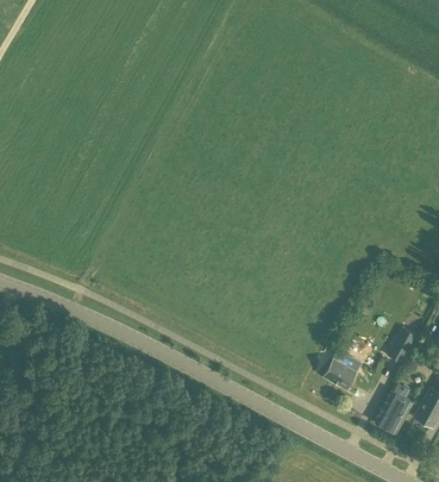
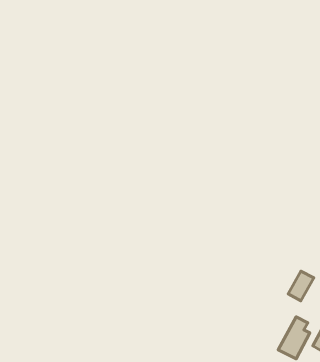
building: [324,356,357,389] -> none

